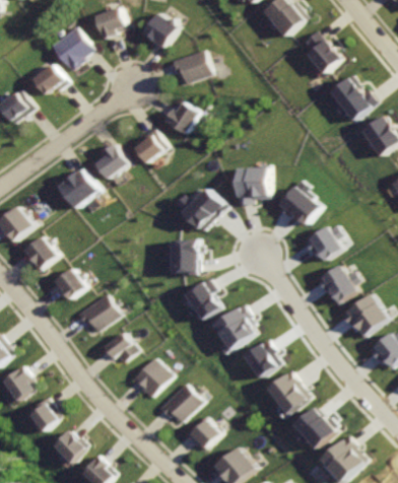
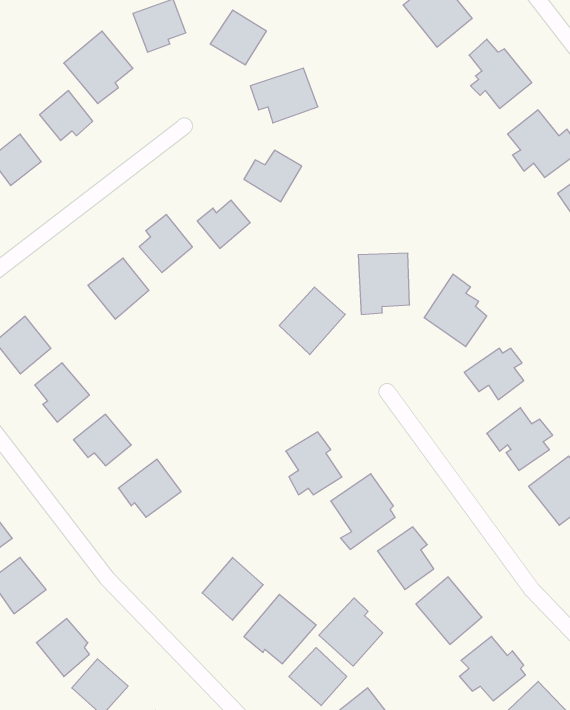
building: [164,240,201,276] -> none
building: [104,334,139,364] -> none
building: none -> [319,598,383,666]

